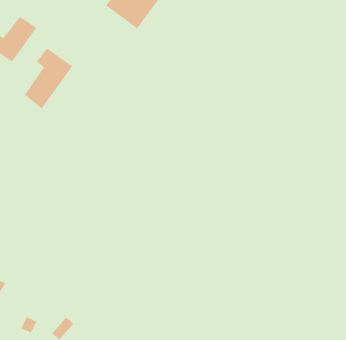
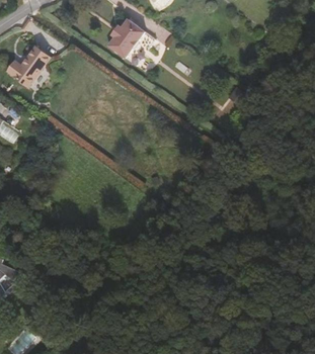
building: [24,47,73,109] -> none

